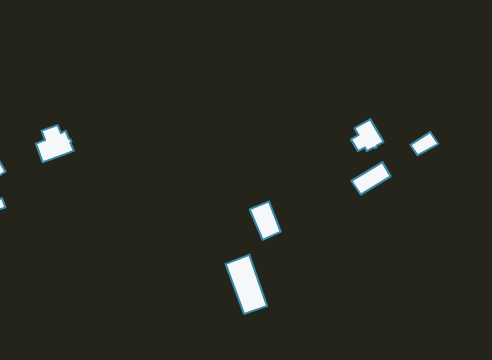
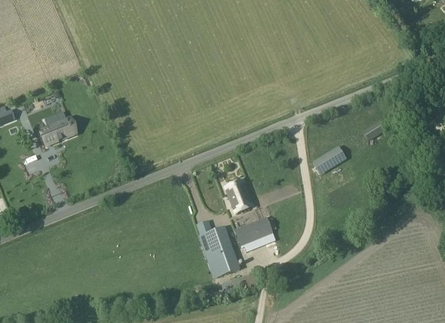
building: [351,119,383,151] -> none
building: none -> [235,217,275,245]

